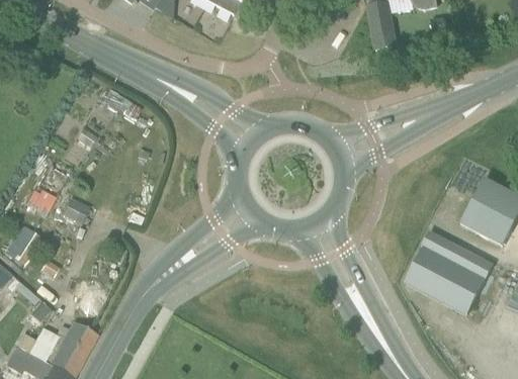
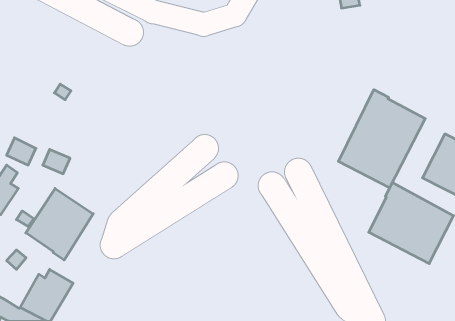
building: none -> [338,90,425,188]
building: none -> [26,188,93,260]

